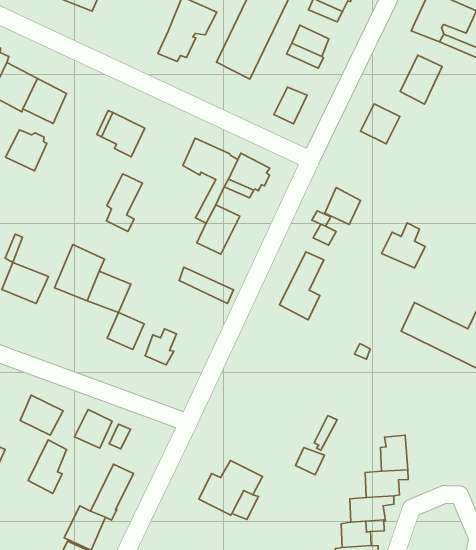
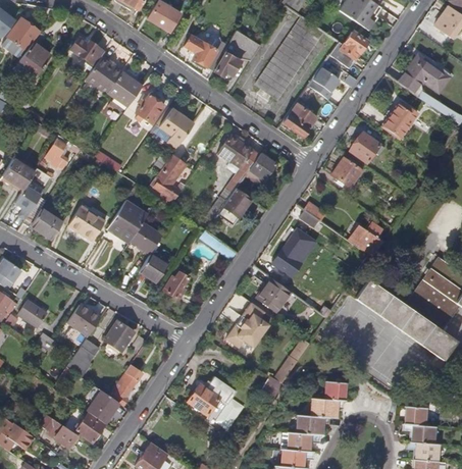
building: none -> [179,31,221,70]
building: [6,130,47,171] -> [131,92,162,123]
building: [325,188,360,225] -> [332,157,360,186]
building: none -> [256,277,291,312]
building: none -> [227,302,270,347]

